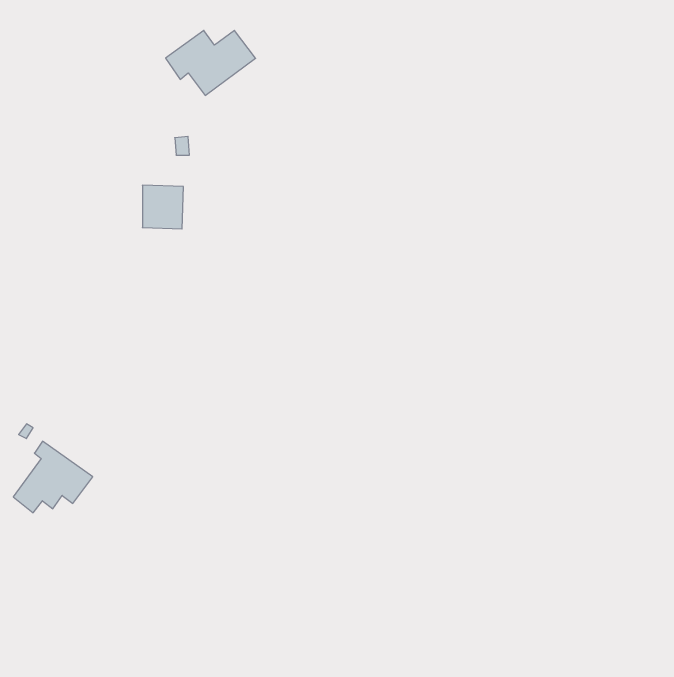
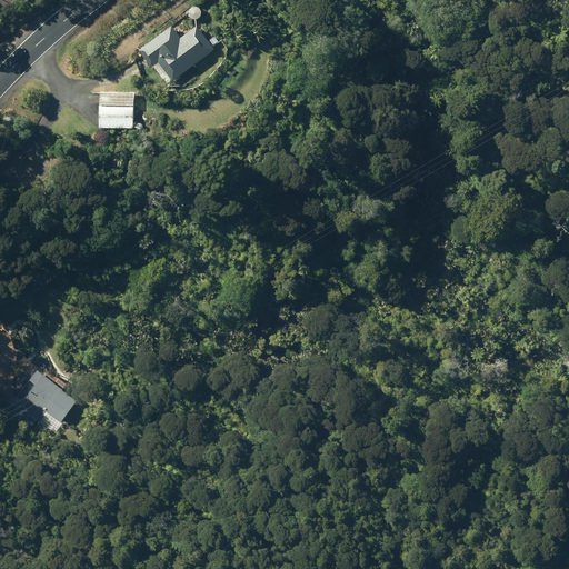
building: [142,185,183,229] -> [99,91,133,128]

